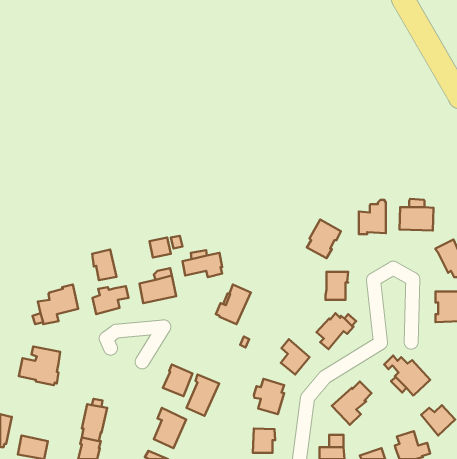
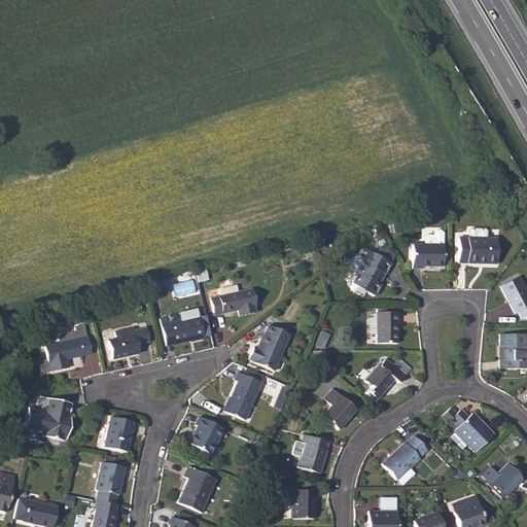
building: [92,250,116,280] -> none
building: none -> [106,417,135,452]
building: [187,375,219,416] -> [225,372,262,419]

